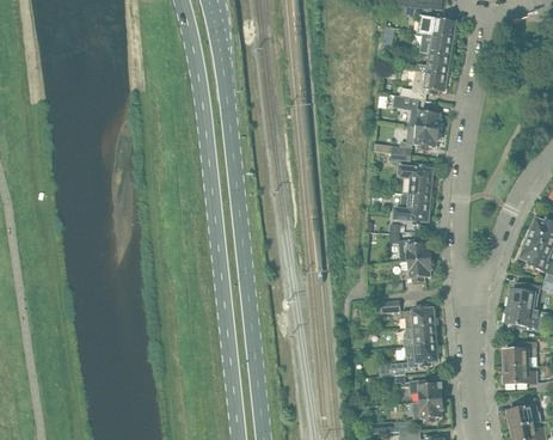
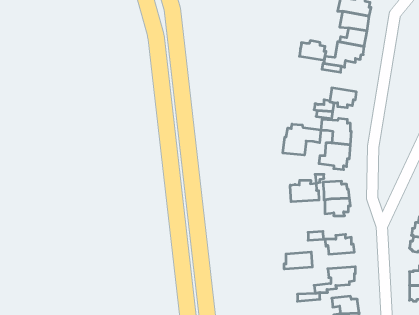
building: [410,106,442,130] -> [299,41,326,60]
building: none -> [283,124,321,155]
building: none -> [290,180,319,202]
building: [404,325,438,346] -> [284,252,312,269]

